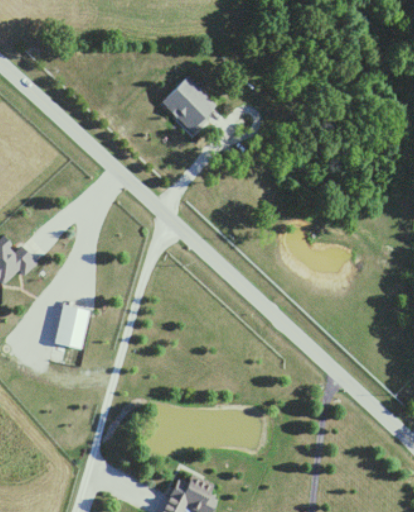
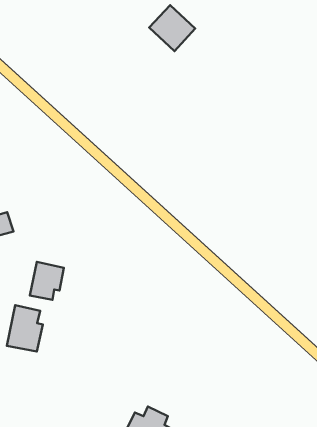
building: [161,77,214,130] -> [149,5,195,51]
building: none -> [7,305,43,351]

